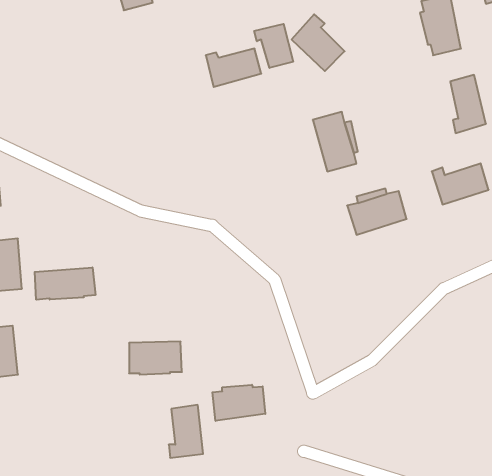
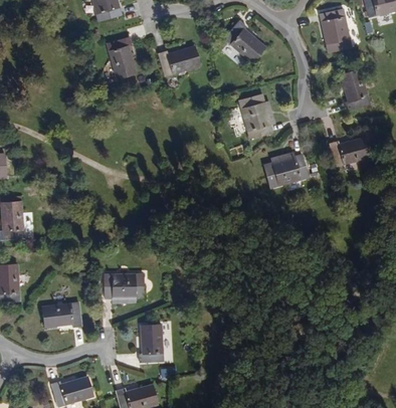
building: [254,24,293,68] -> none
building: none -> [108,37,137,80]
building: [35,267,95,300] -> none
building: none -> [37,300,77,328]
building: [212,385,265,421] -> none

